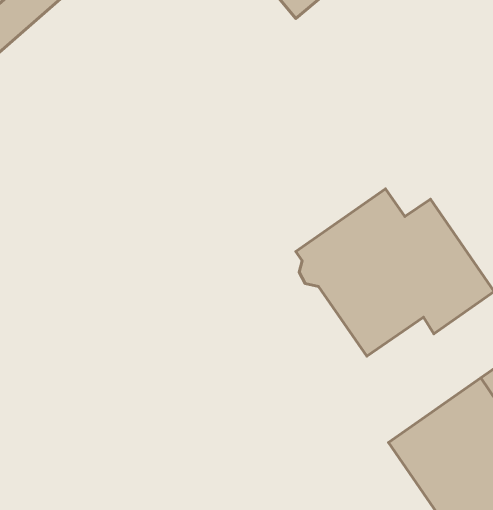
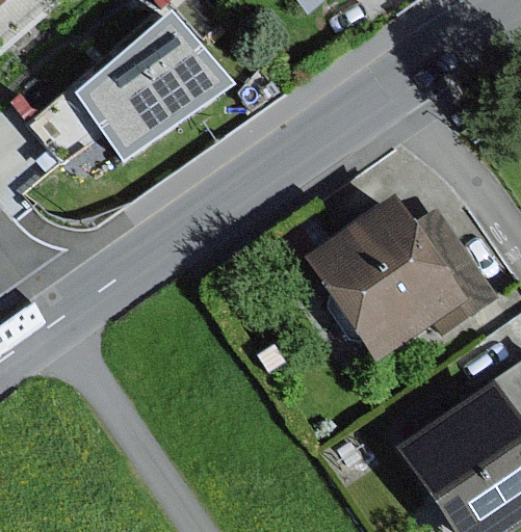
building: none -> [83,20,225,156]

